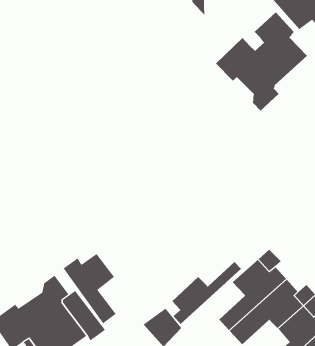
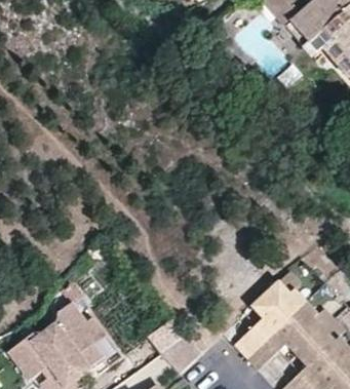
building: [215,11,308,112] -> none
building: [63,253,116,324] -> none
building: [171,261,242,325] -> none

